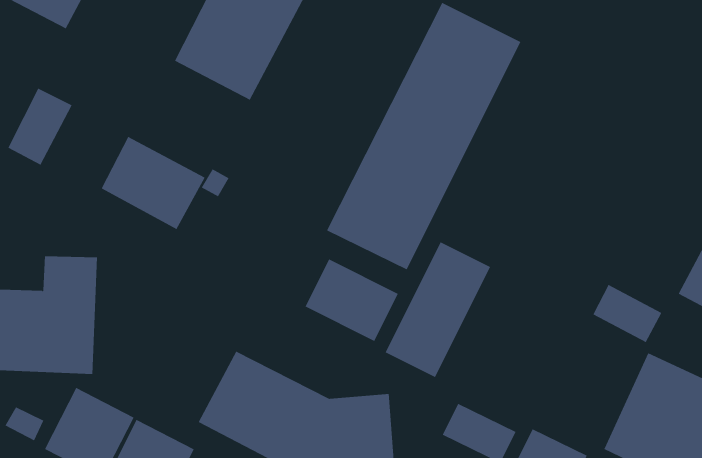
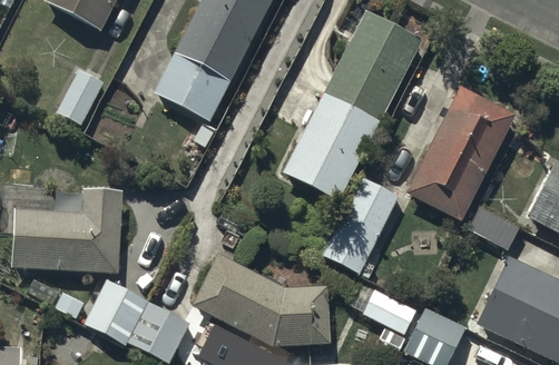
building: none -> [406,86,517,219]
building: [101,136,205,230] -> [154,53,227,119]
building: [305,259,399,342] -> none

